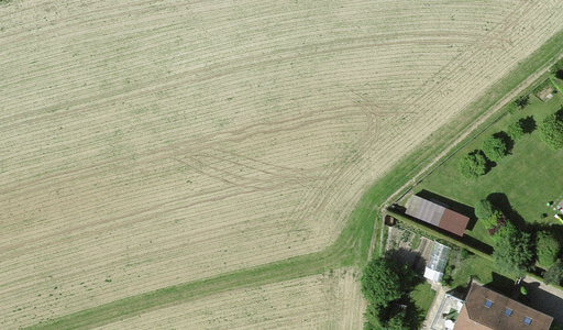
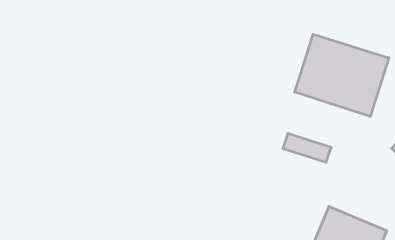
building: none -> [295,34,389,116]

